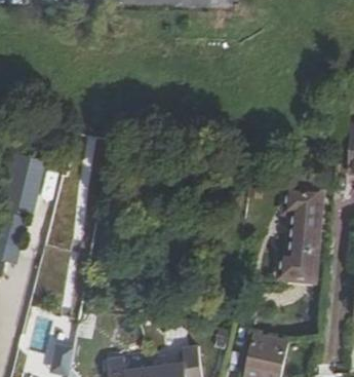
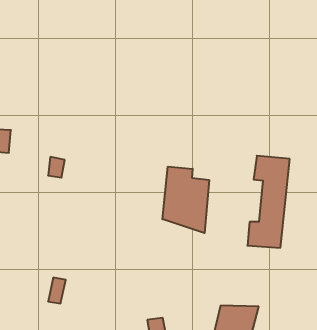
building: none -> [162,167,209,233]

